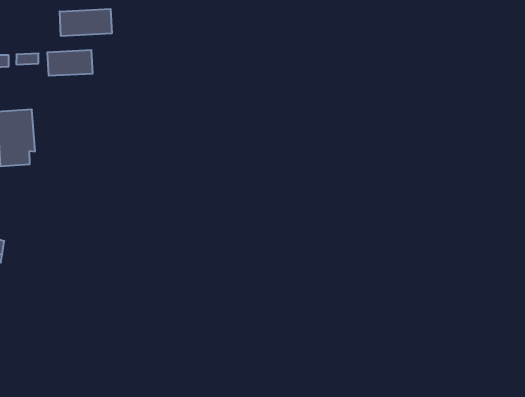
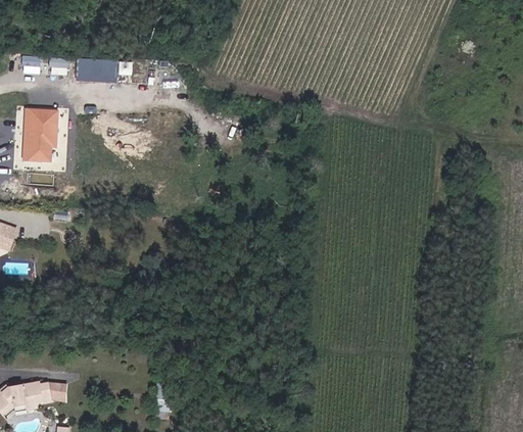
building: [60,9,112,36] -> none

